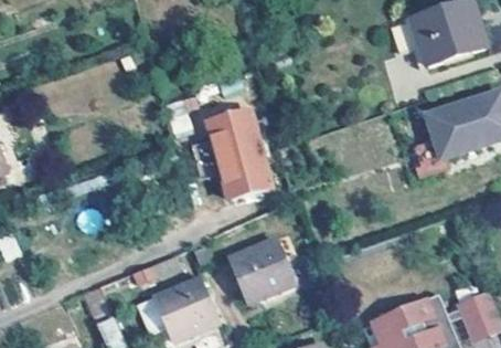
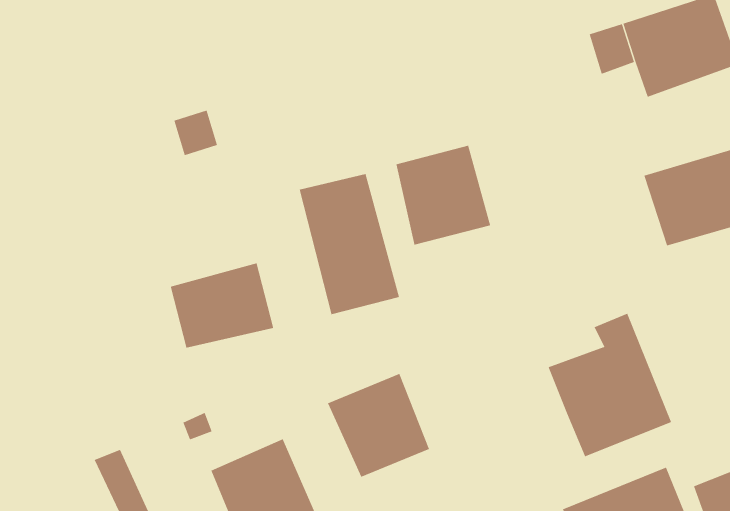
building: none -> [396,145,491,246]
building: none -> [170,263,274,348]
building: none -> [548,313,672,457]

